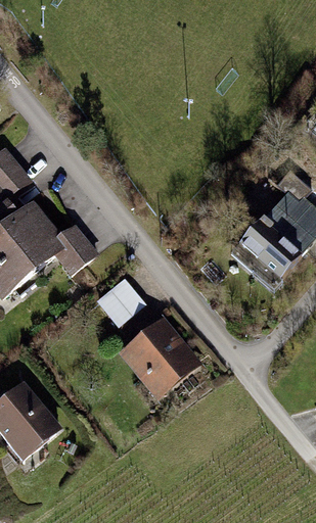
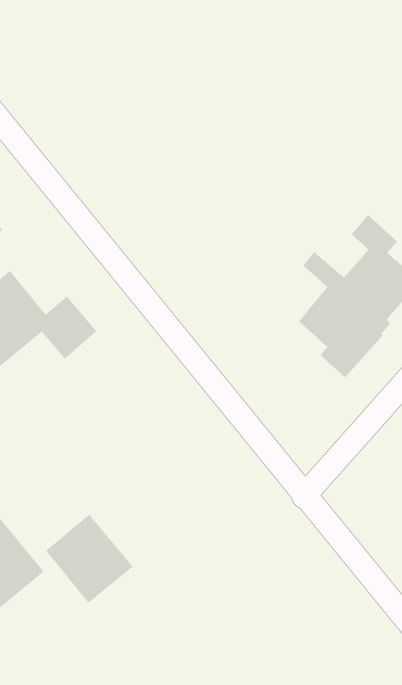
building: [97,277,146,326] -> none
building: [130,326,193,390] -> [45,514,134,603]

